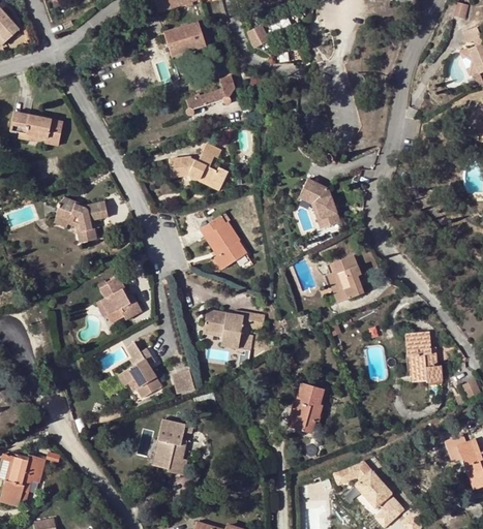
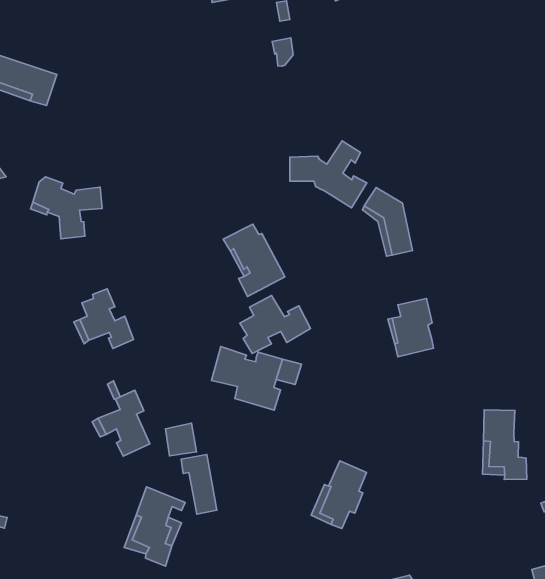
building: [184,87,230,116] -> none
building: [169,142,228,190] -> [290,141,367,208]
building: none -> [240,296,311,354]
building: none -> [181,454,217,514]

